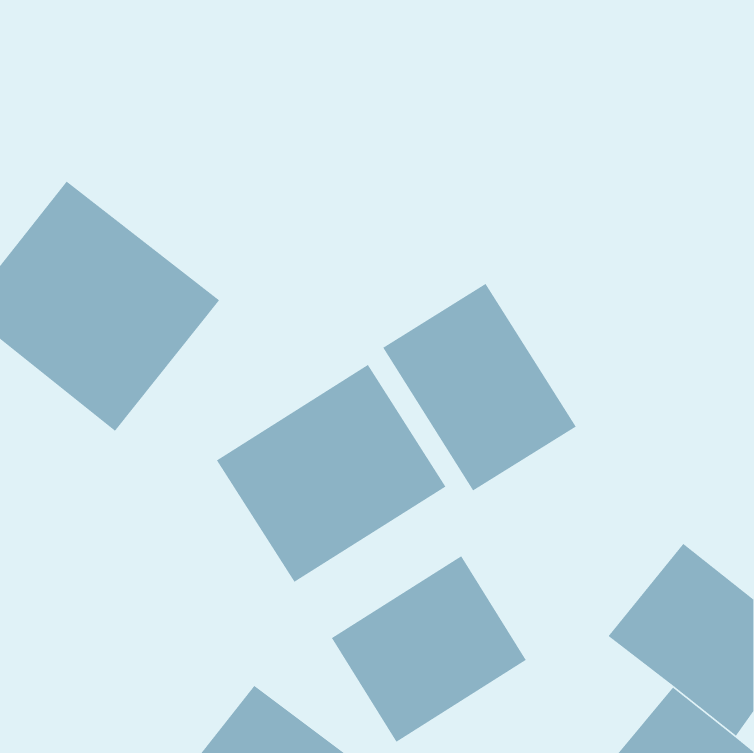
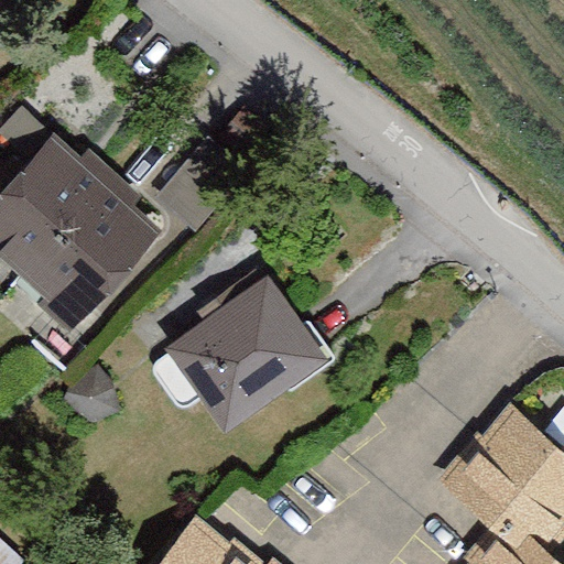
building: [382,283,577,491] -> none
building: [331,555,527,743] -> none

